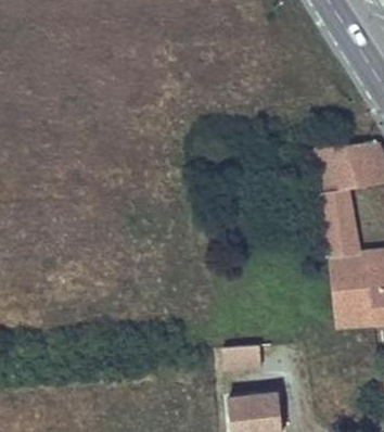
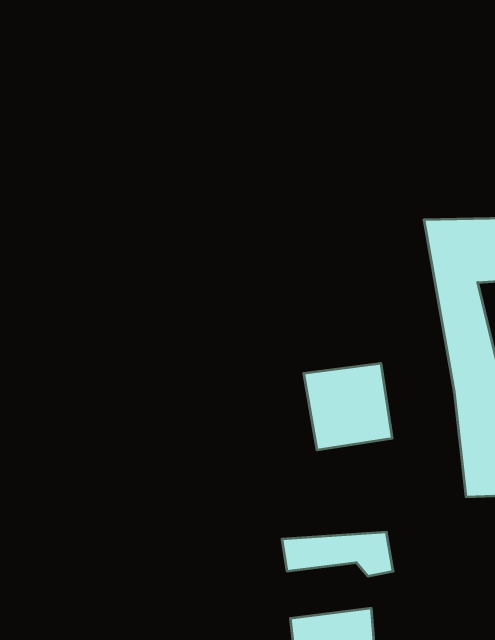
building: none -> [304,363,392,450]

